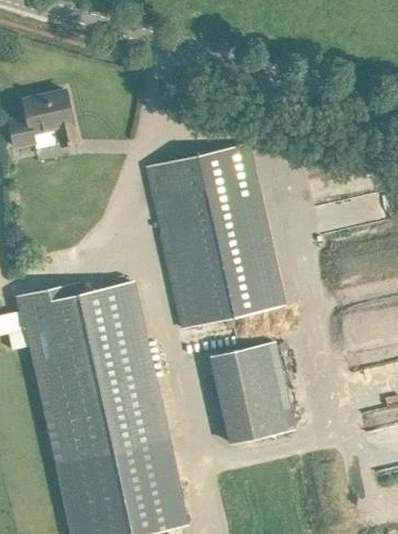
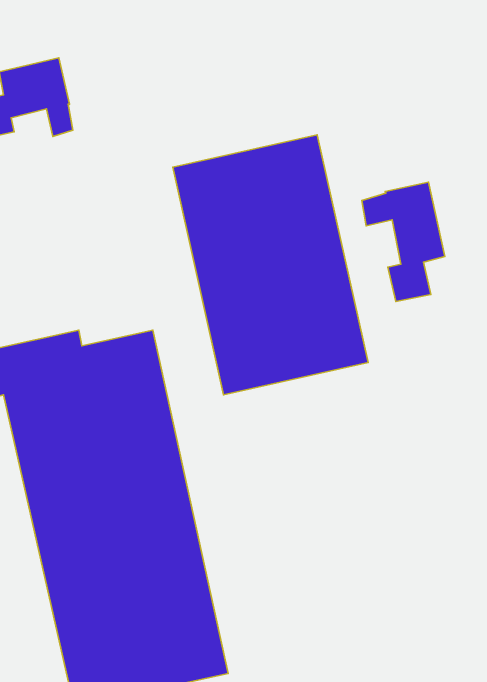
building: none -> [362,182,445,301]
building: [211,342,294,443] -> none

